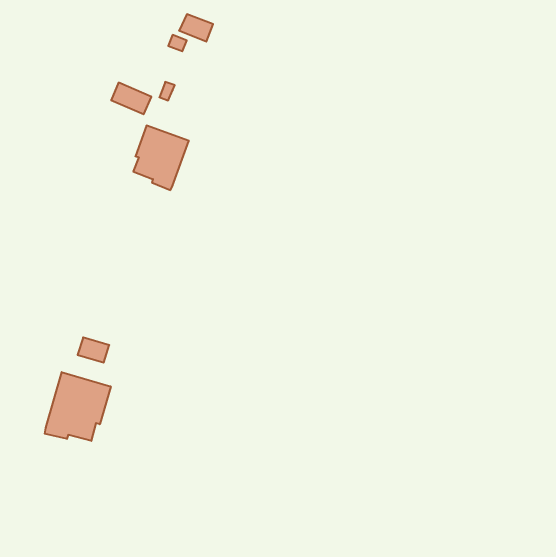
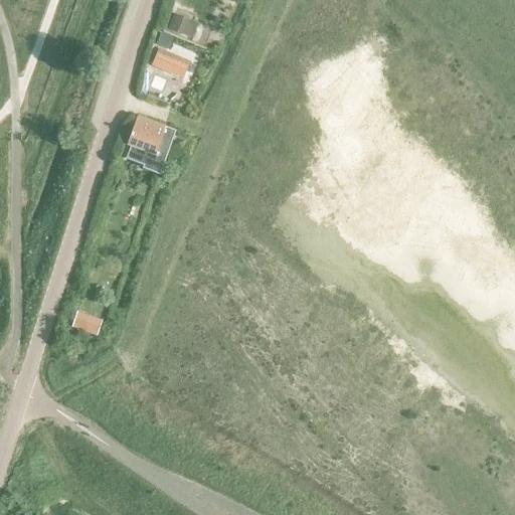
building: [111,83,151,114] -> [153,48,190,77]
building: [45,372,111,441] -> none

